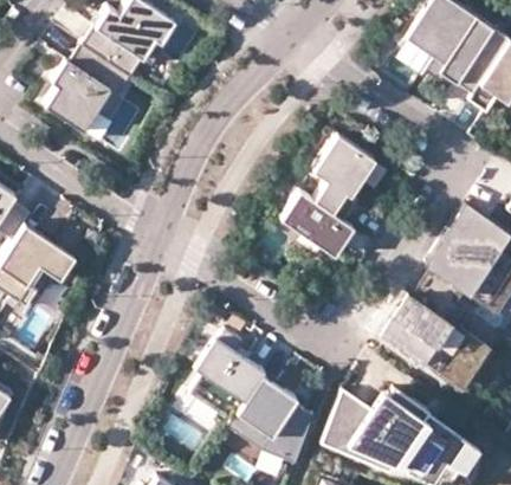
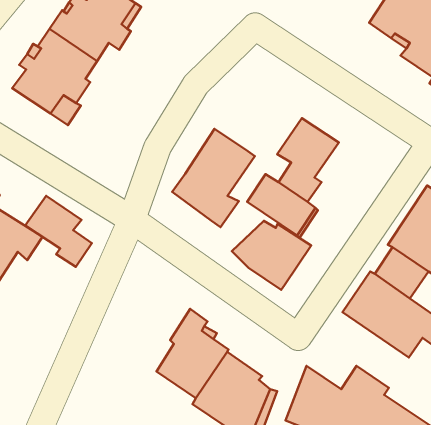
building: none -> [172,129,255,227]
building: none -> [25,196,92,267]
building: none -> [232,221,311,290]

